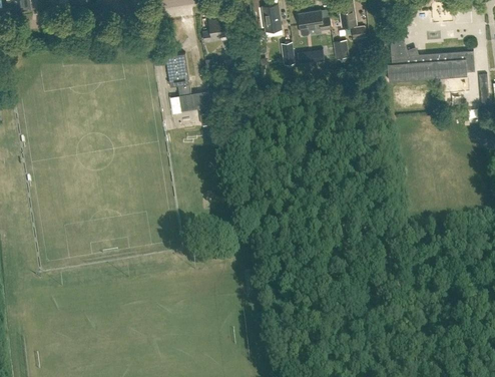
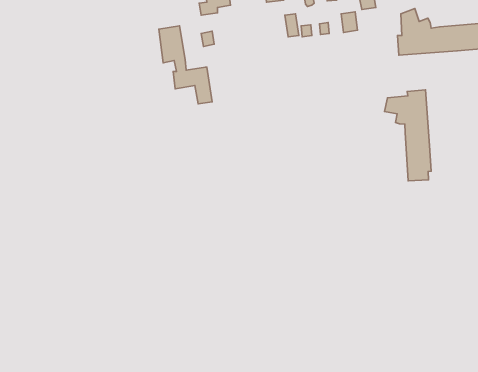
building: none -> [384,90,431,181]

